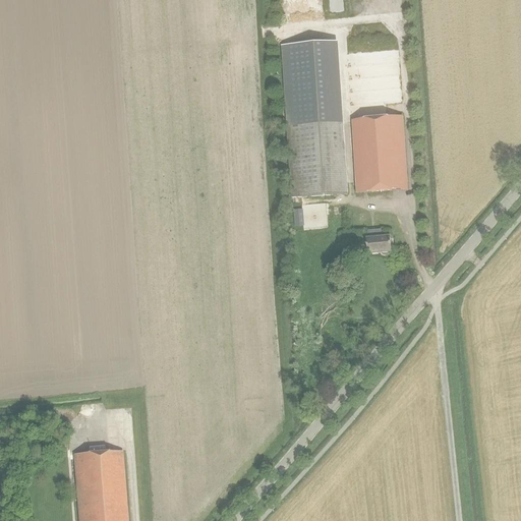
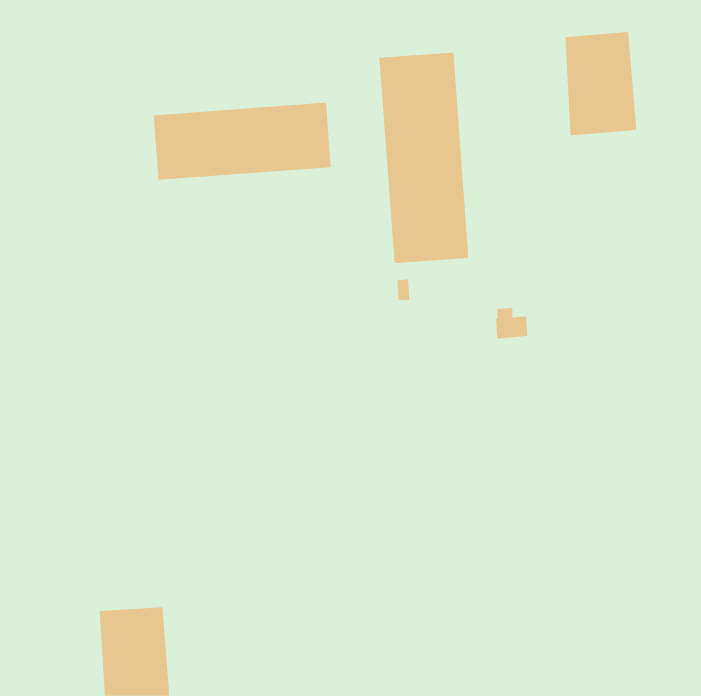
building: none -> [153,102,331,181]
building: [353,114,407,191] -> [565,31,637,136]

